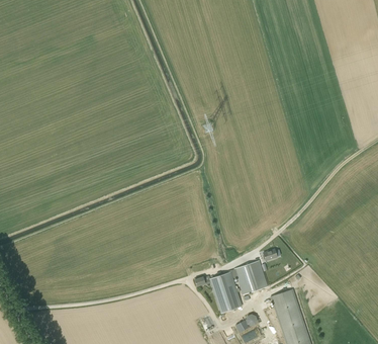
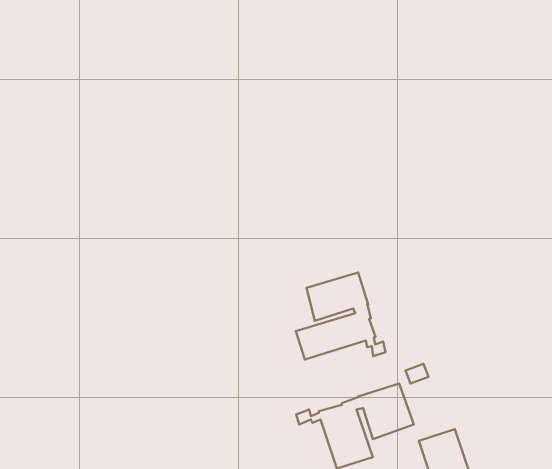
building: none -> [296,273,385,359]

